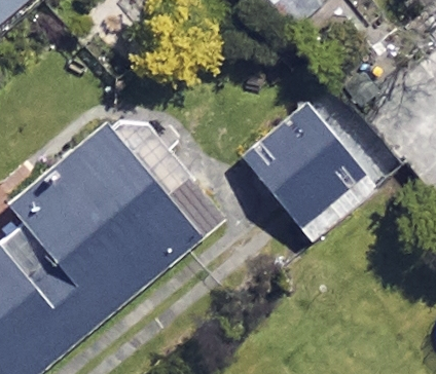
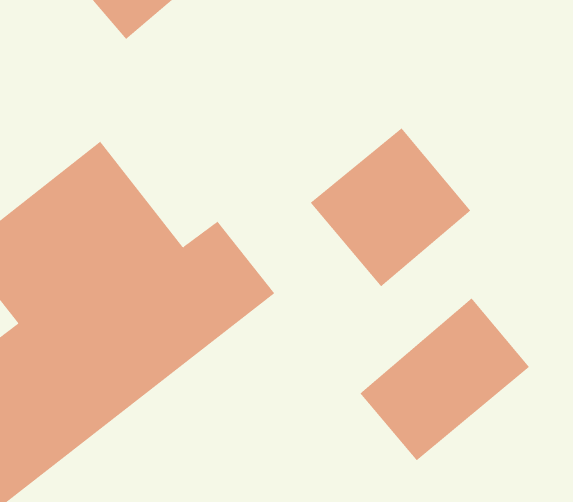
building: none -> [360,298,530,461]

